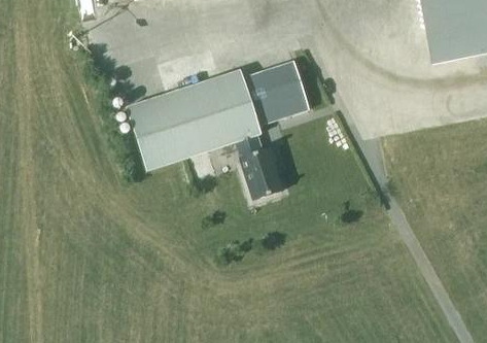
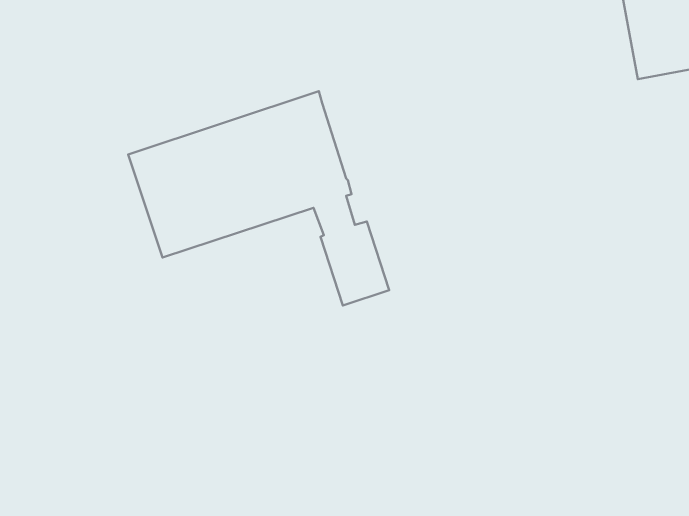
building: [242,61,308,124] -> none

